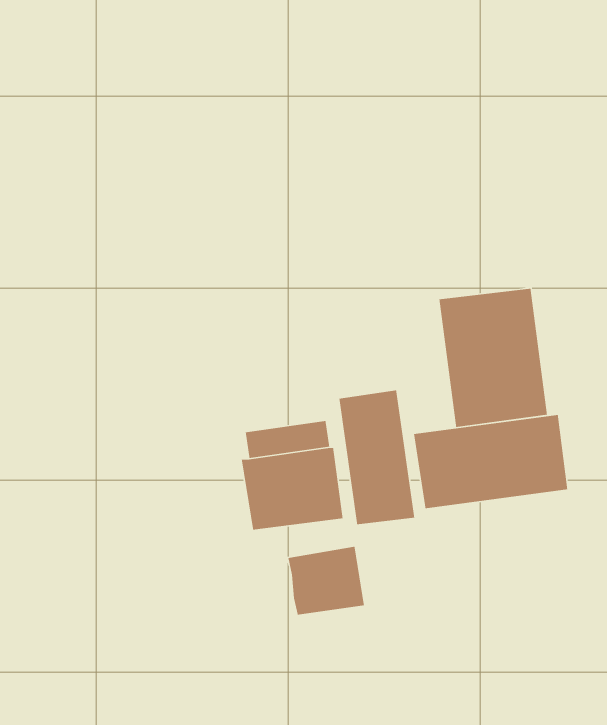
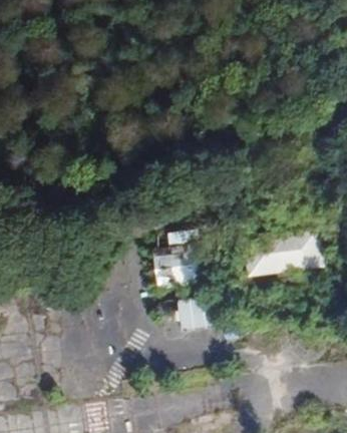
building: [438,288,548,428] -> none
building: [338,389,415,525] -> none

